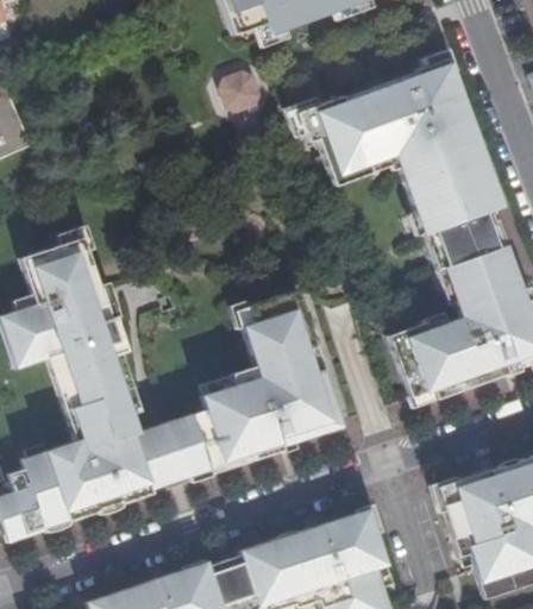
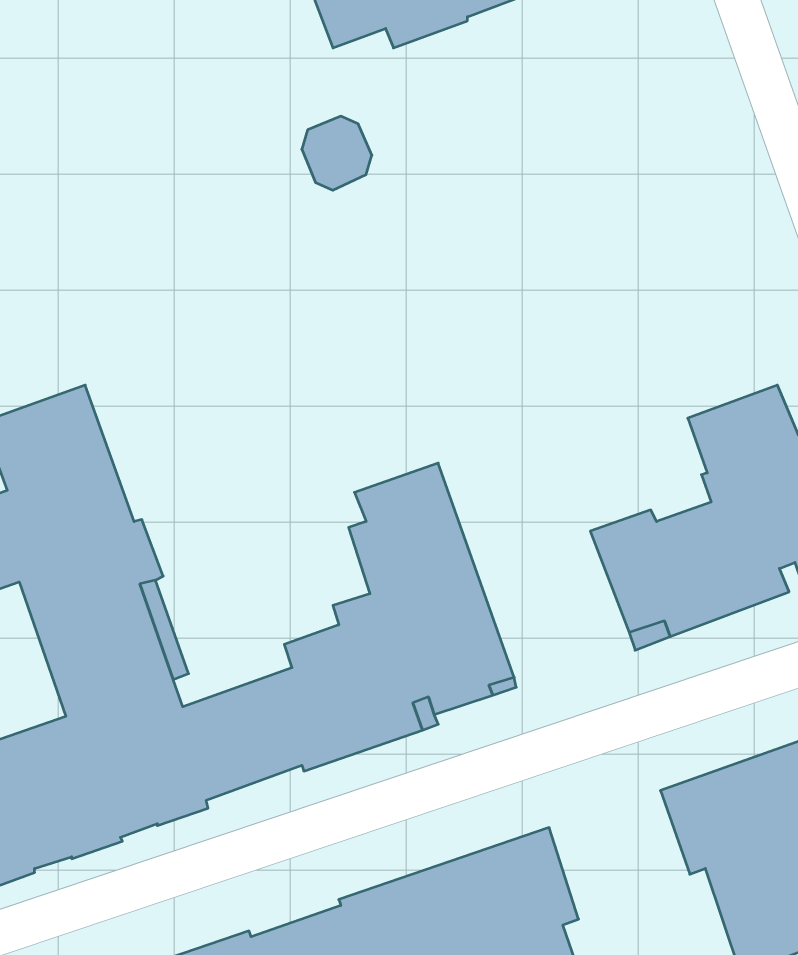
building: [293,61,503,259] -> none

